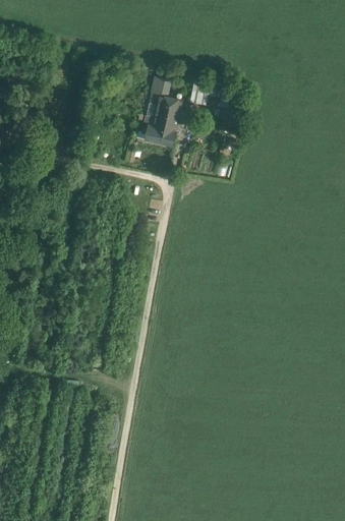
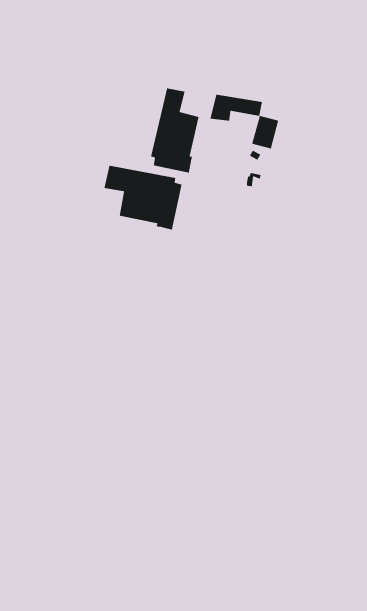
building: none -> [103,165,183,230]

